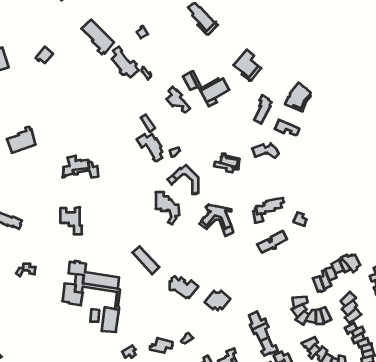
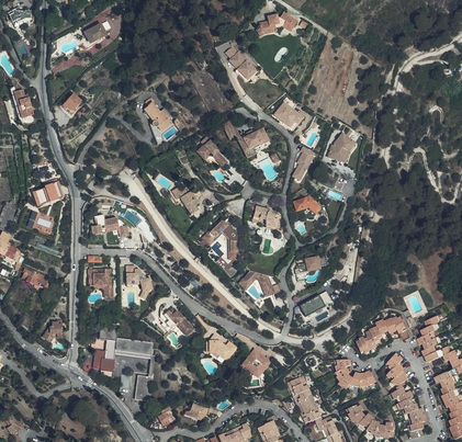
building: [81,20,114,54] -> none
building: [156,192,179,224] -> [126,262,151,296]

